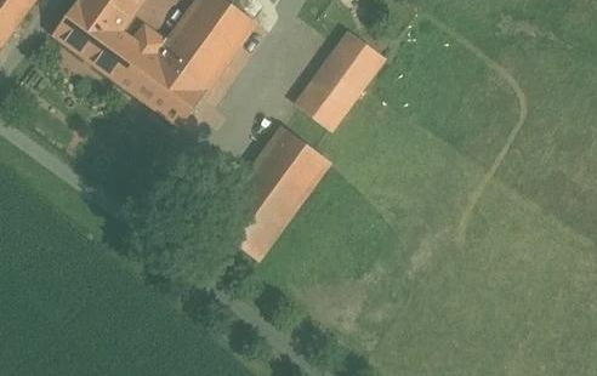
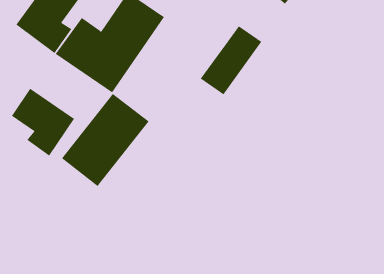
building: none -> [11,88,75,156]
building: [212,129,329,252] -> [61,93,149,187]

